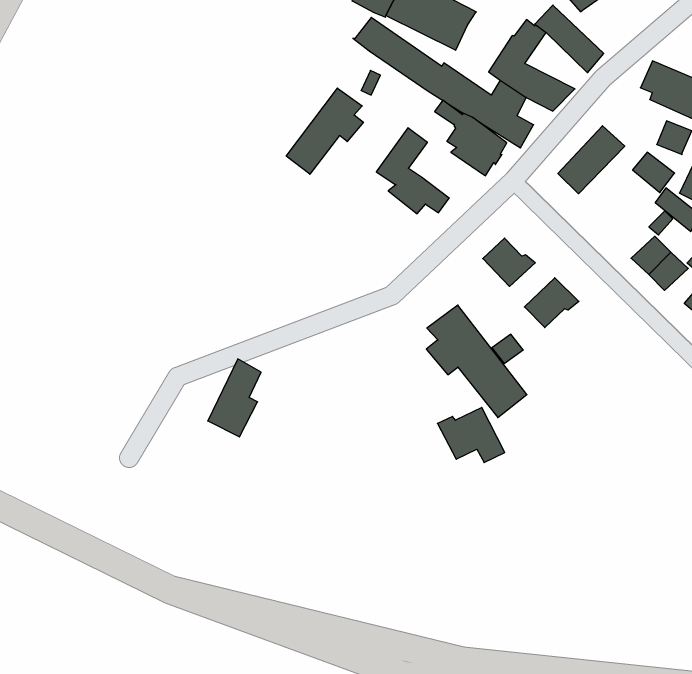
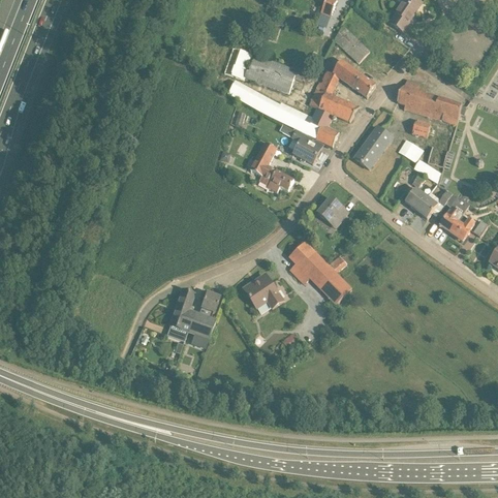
building: [286,88,363,174] -> none
building: [524,278,579,328] -> none
building: none -> [187,292,222,341]
building: [437,407,505,463] -> [243,276,284,308]

